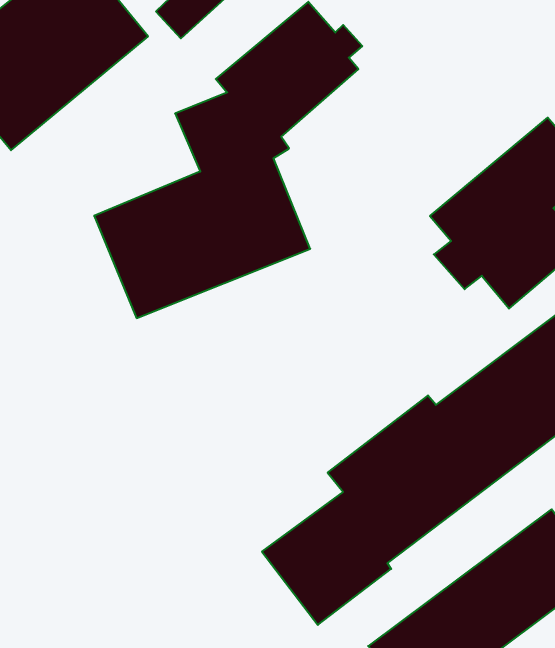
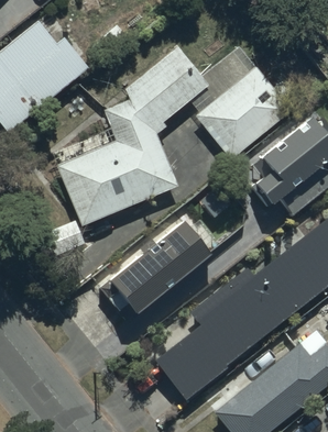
building: none -> [198,67,296,159]
building: none -> [100,226,212,329]

